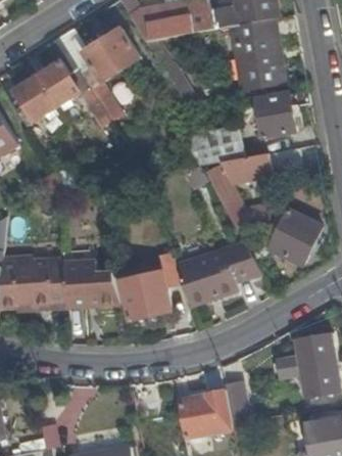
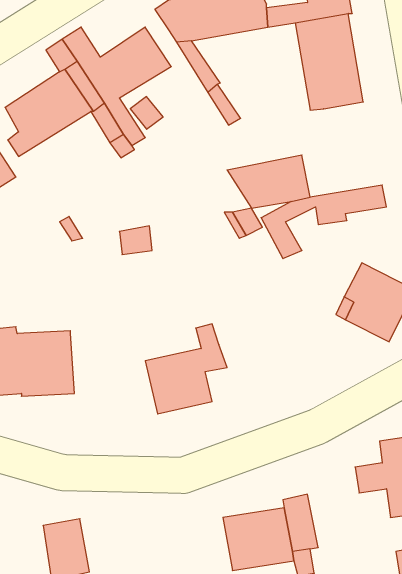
building: [239,89,308,138] -> none
building: [176,240,261,310] -> none
building: [64,257,119,304] -> none

